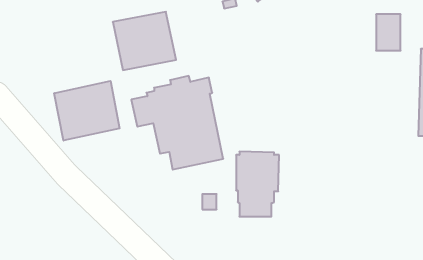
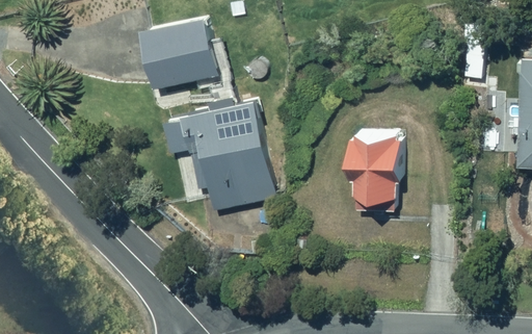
building: [54,81,120,141] -> none
building: [236,152,279,217] -> [350,135,403,215]

